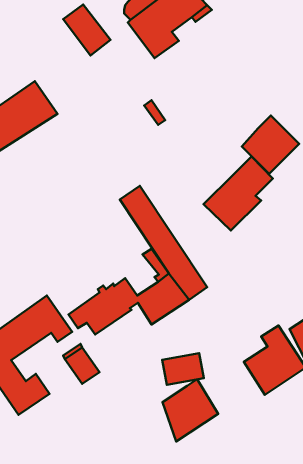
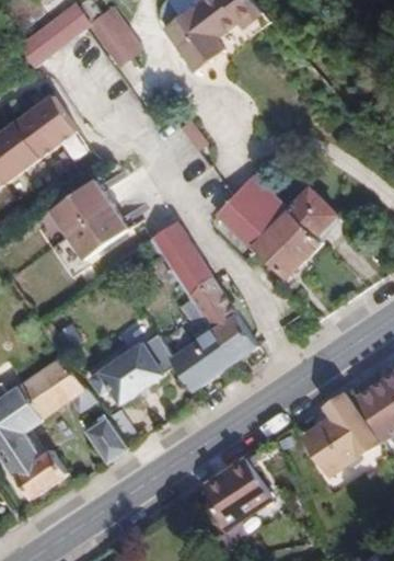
building: none -> [18,5,84,65]
building: [242,115,299,174] -> [220,175,289,245]
building: none -> [50,180,128,259]
building: [162,353,204,385] -> none

